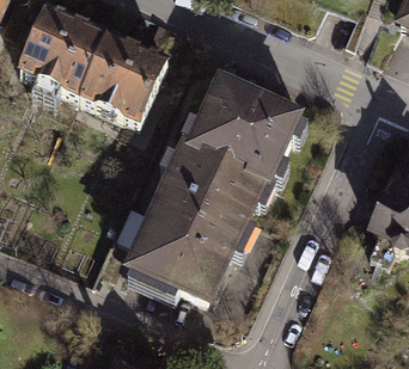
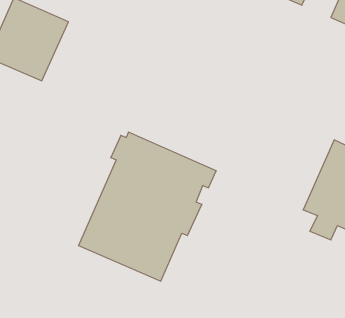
building: [81,30,171,119] -> none
building: [175,76,305,190] -> none

